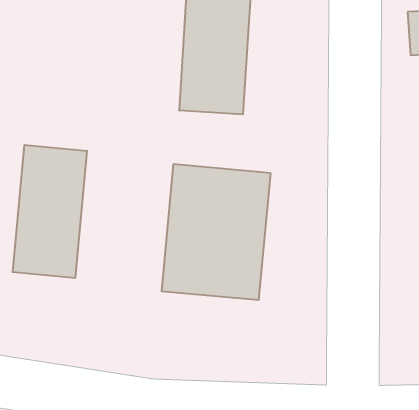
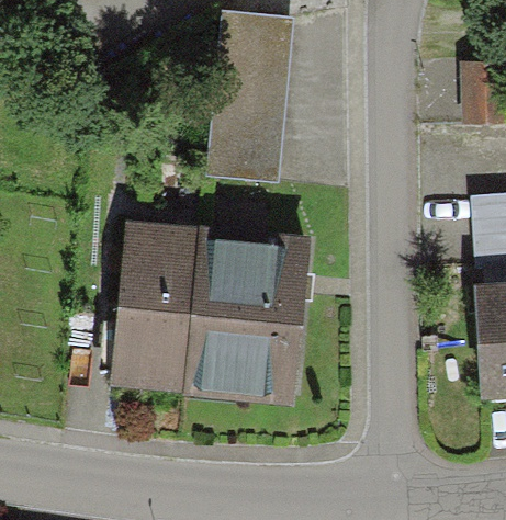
building: [12,145,87,278] -> [115,230,199,378]

